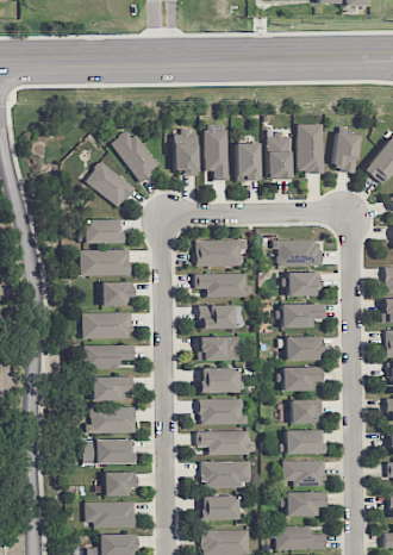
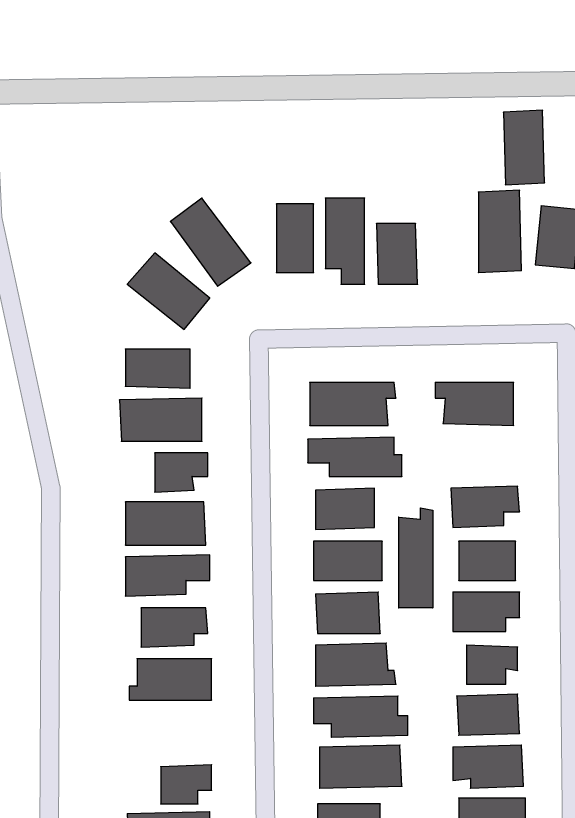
building: [267,133,292,179] -> [503,110,545,185]
building: [287,273,318,295] -> none
building: none -> [399,508,433,608]
building: [95,438,135,463] -> none

